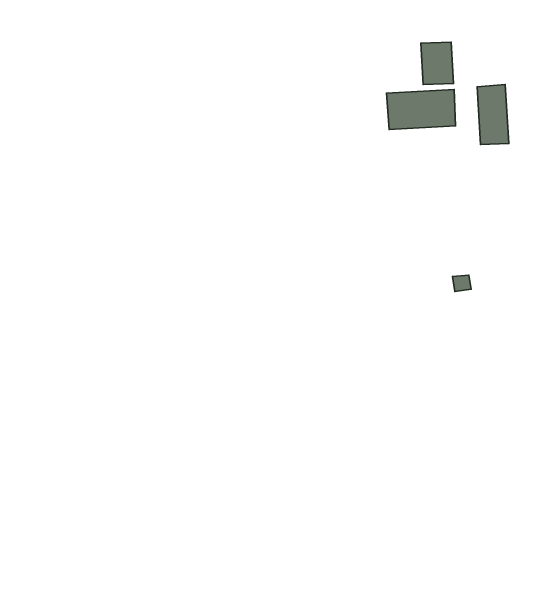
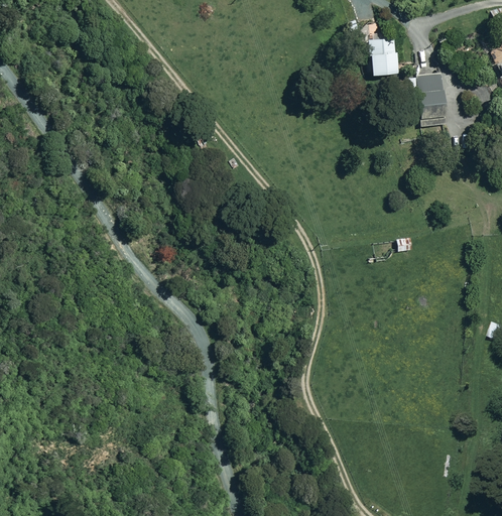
building: [387,89,456,130] -> none

